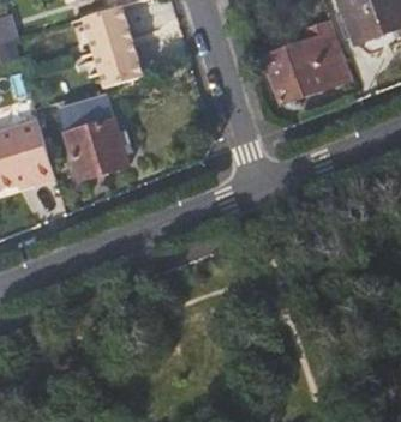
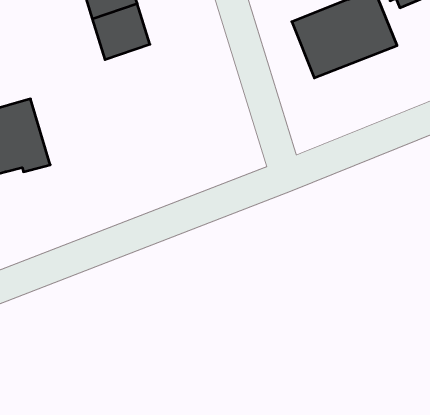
building: [58,97,128,180] -> none

